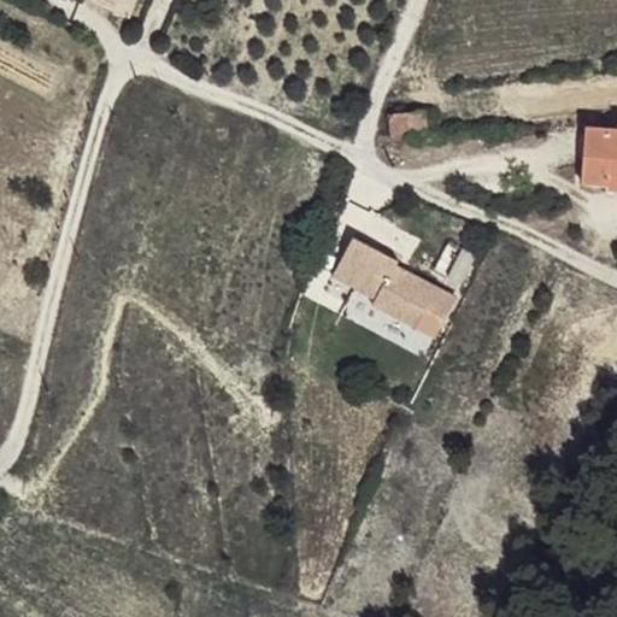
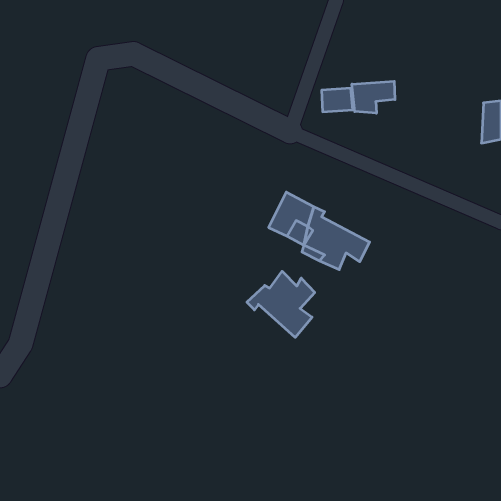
building: none -> [352,81,395,113]
building: none -> [247,271,315,337]

